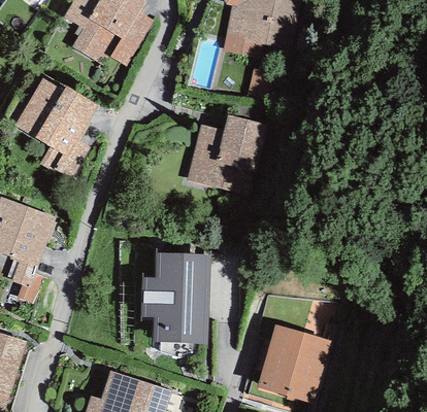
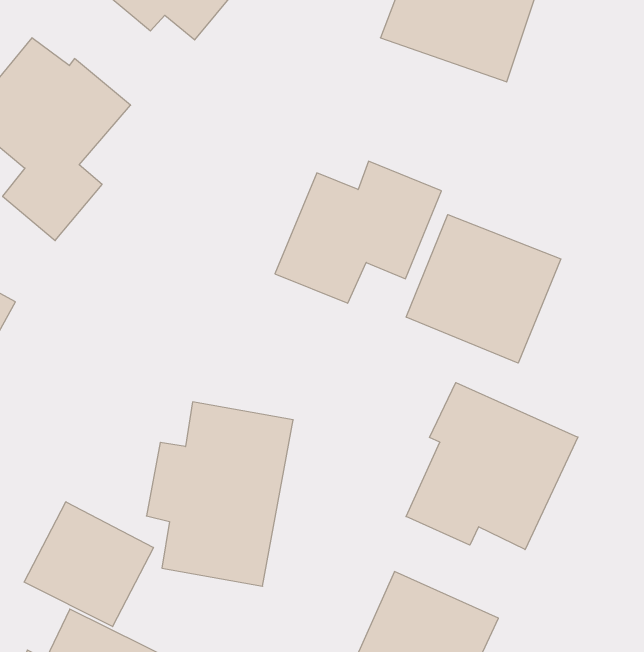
building: none -> [406,215,561,363]
building: none -> [406,383,578,550]
building: none -> [24,502,153,627]

